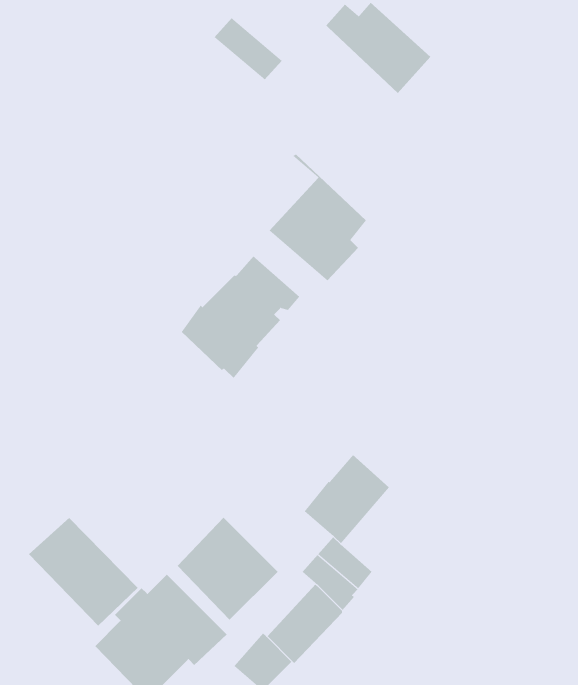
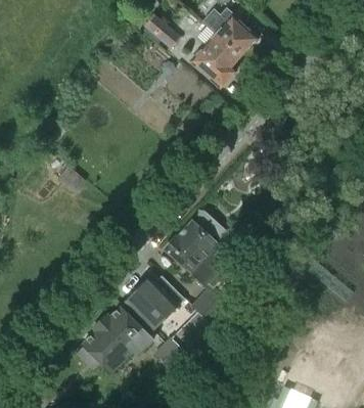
building: [269,154,367,281] -> [189,21,240,88]
building: [181,256,300,379] -> [164,210,226,274]
building: [28,517,138,627] -> none

